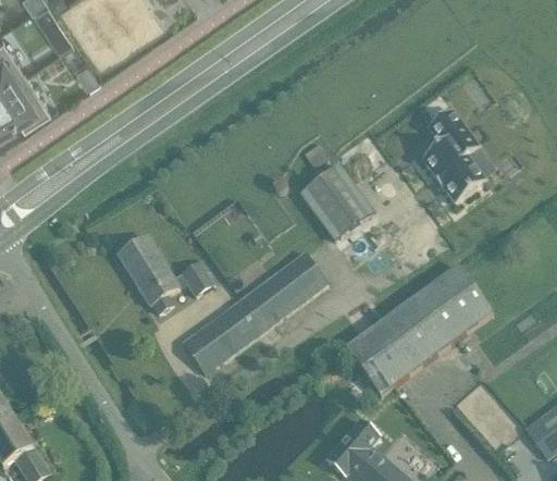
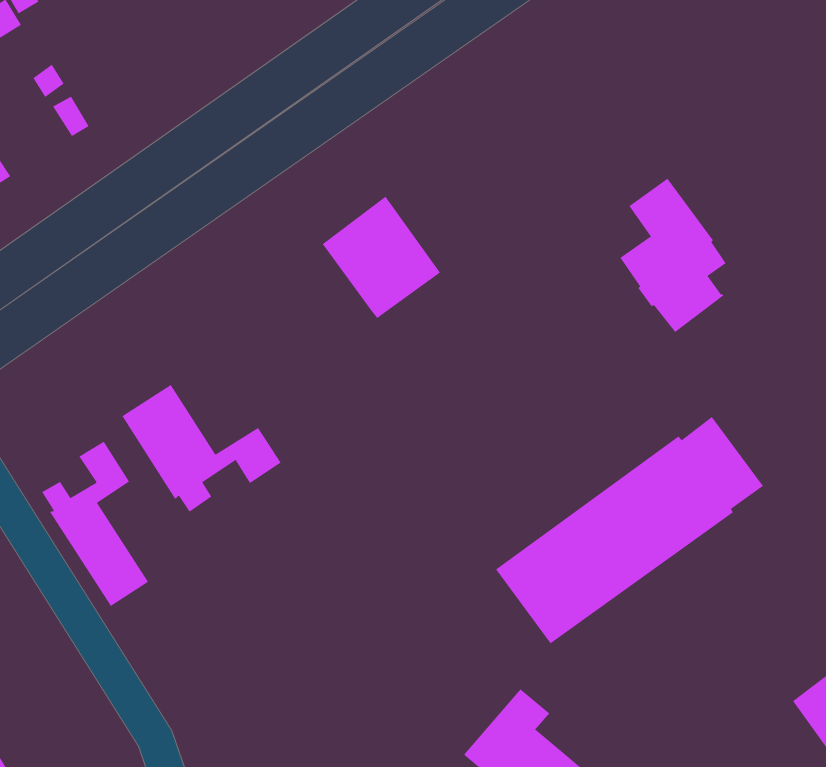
building: [299,165,372,240] -> [322,196,441,319]
building: [181,254,325,374] -> none
building: none -> [41,441,149,607]

